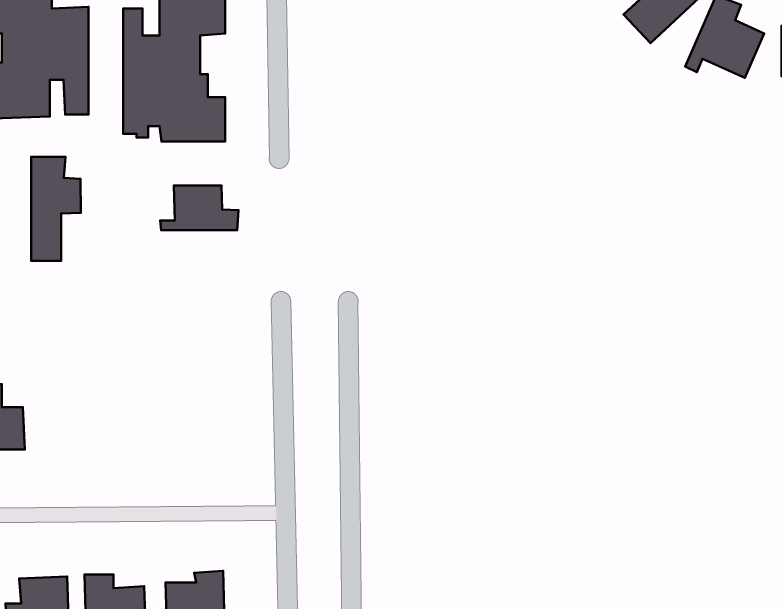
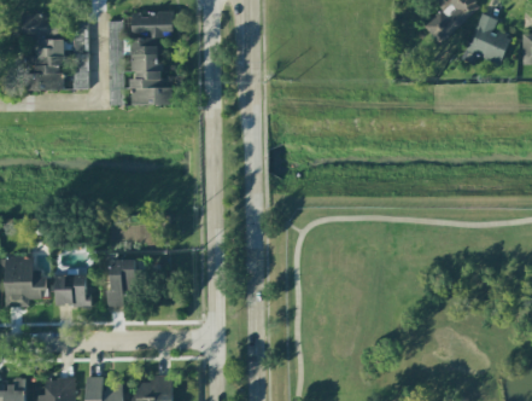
building: [31,157,81,261] -> none
building: [160,186,238,230] -> none
building: none -> [110,260,136,306]
building: none -> [57,274,93,307]

